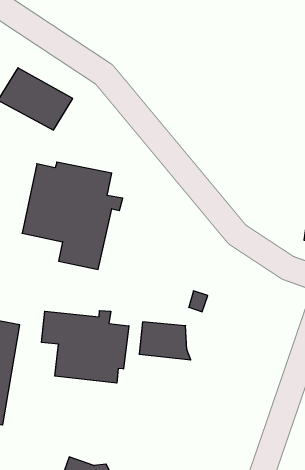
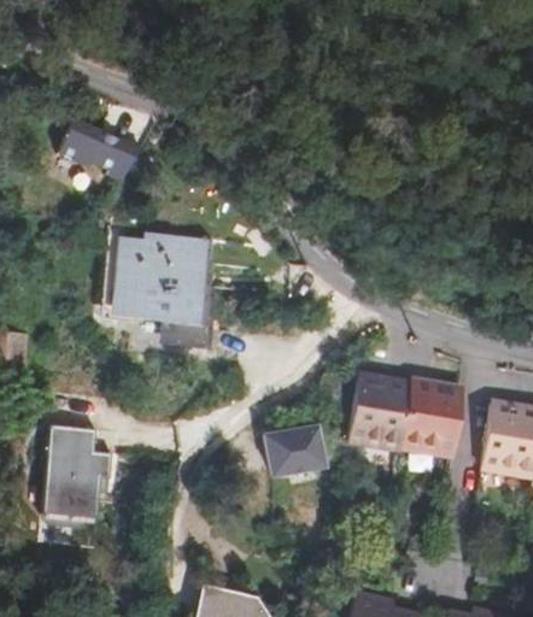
building: none -> [347,381,458,453]
building: [41,311,129,383] -> none

